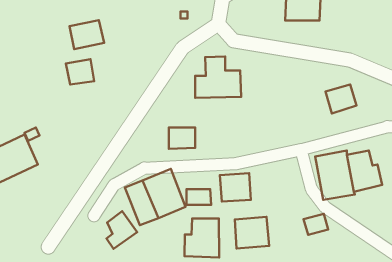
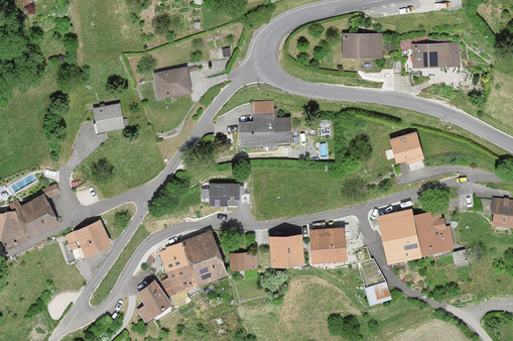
building: none -> [411,43,460,69]
building: [70,20,104,49] -> [153,67,193,100]
building: none -> [65,219,110,256]
building: [235,217,269,248] -> [307,226,347,262]
building: [185,219,219,258] -> none

